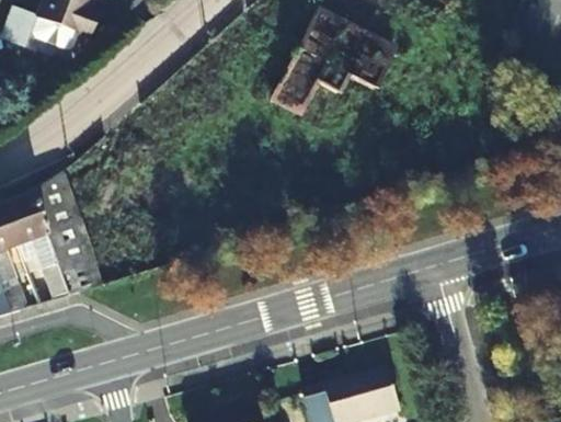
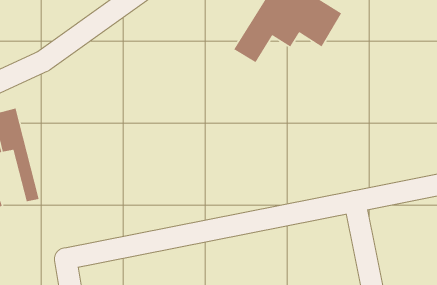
building: [32,174,100,300] -> none

